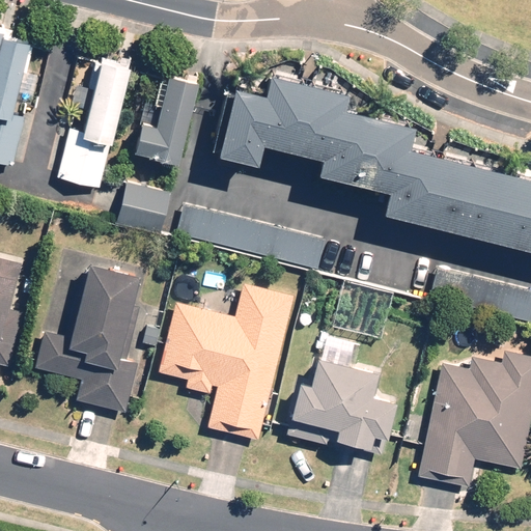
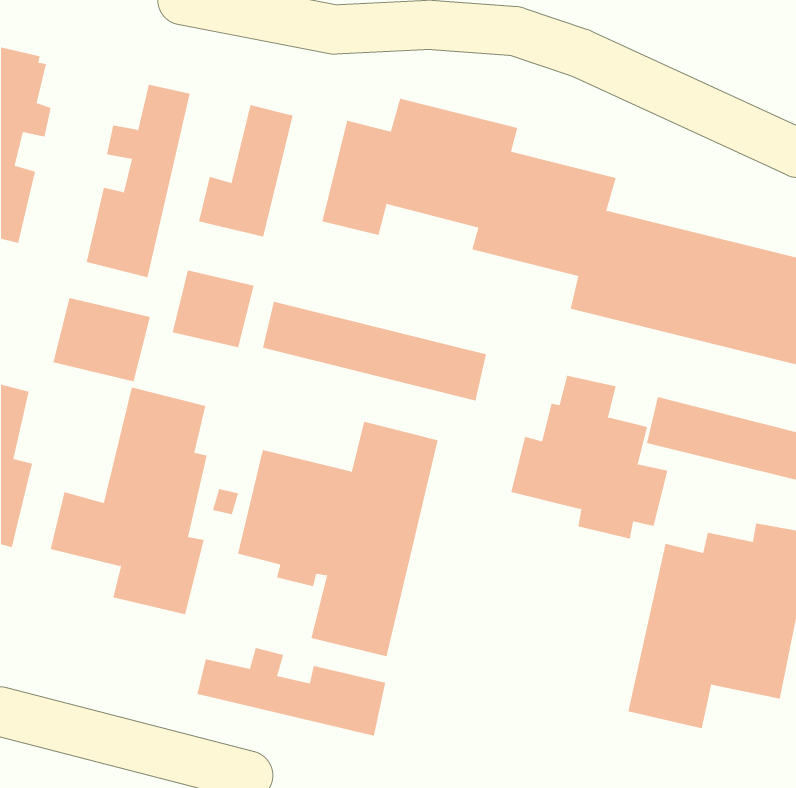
building: none -> [53,297,150,382]
building: [289,340,394,449] -> [510,375,668,539]
building: none -> [197,647,386,737]

